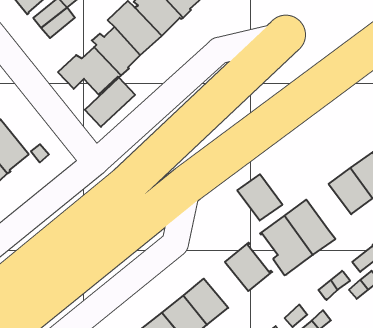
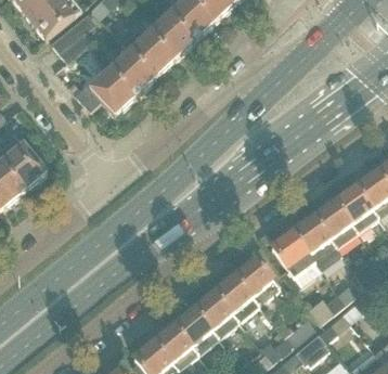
building: [85,78,135,127] -> none
building: [237,174,282,221] -> [313,202,357,246]
building: none -> [215,276,258,321]

